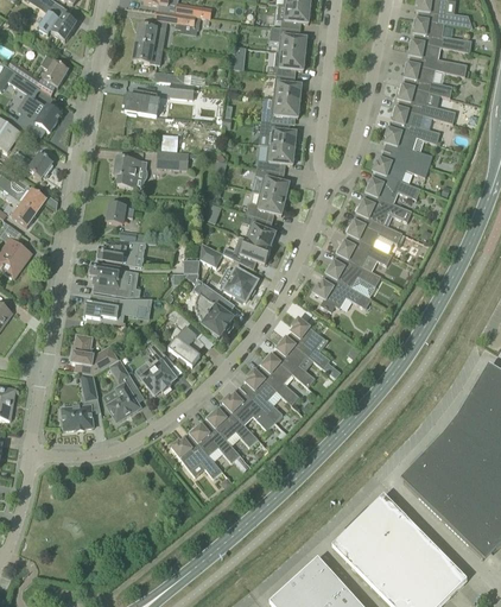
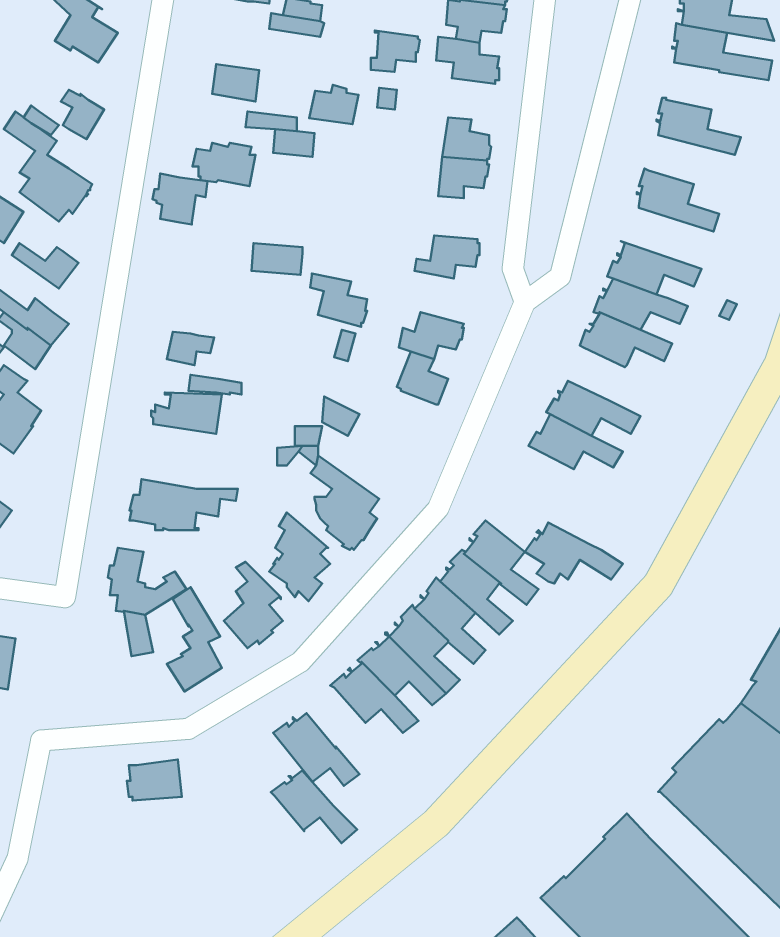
building: [135,21,165,45] -> [309,85,358,124]
building: [407,39,467,76] -> none
building: [275,50,305,75] -> [371,30,420,72]
building: [397,83,455,122] -> none
building: [259,120,296,147] -> none
building: [380,127,432,165] -> none
building: [112,156,145,186] -> [152,173,208,225]
building: [254,166,288,198] -> [310,274,367,327]
building: [345,213,401,245] -> none
building: [233,235,271,266] -> none
building: [88,264,128,296] -> none
building: [223,267,256,301] -> none
building: [312,273,372,310] -> [525,522,623,583]
building: [59,404,93,429] -> [127,759,182,801]
building: [188,418,240,462] -> [271,770,357,843]

